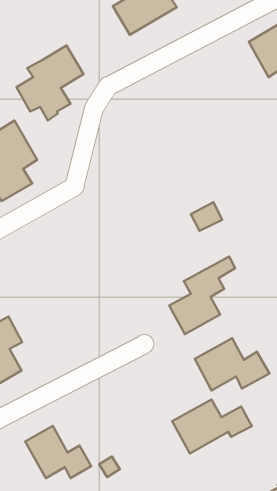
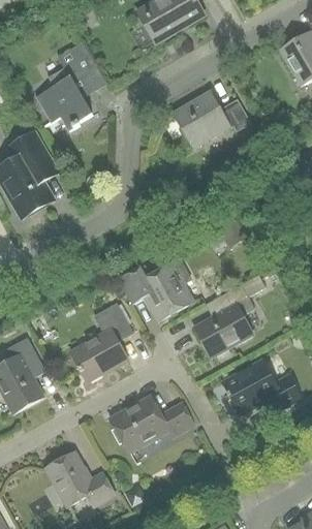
building: none -> [171,89,251,149]
building: none -> [118,262,192,319]
building: none -> [70,303,133,380]
building: [172,399,252,454] -> [110,396,193,453]

